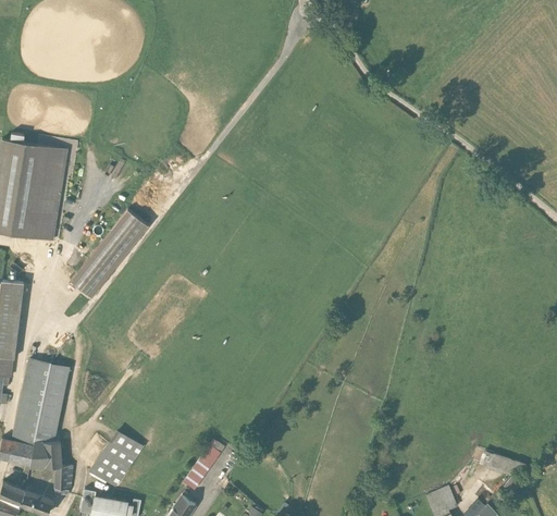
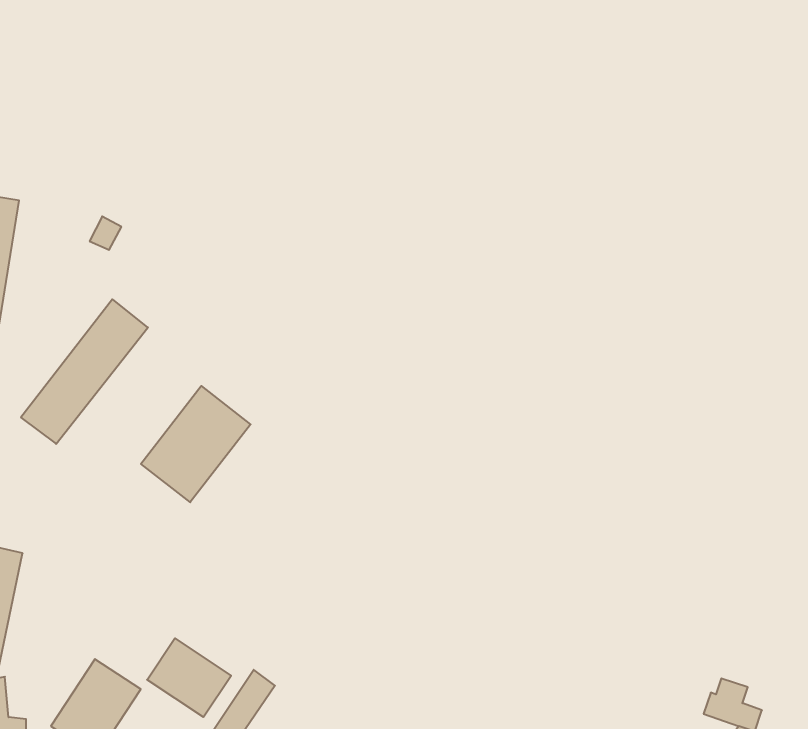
building: none -> [141,386,251,502]
building: none -> [147,638,231,717]

